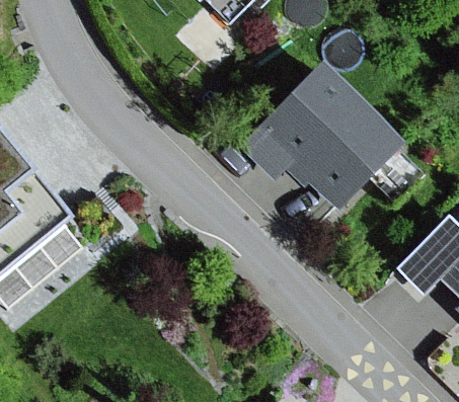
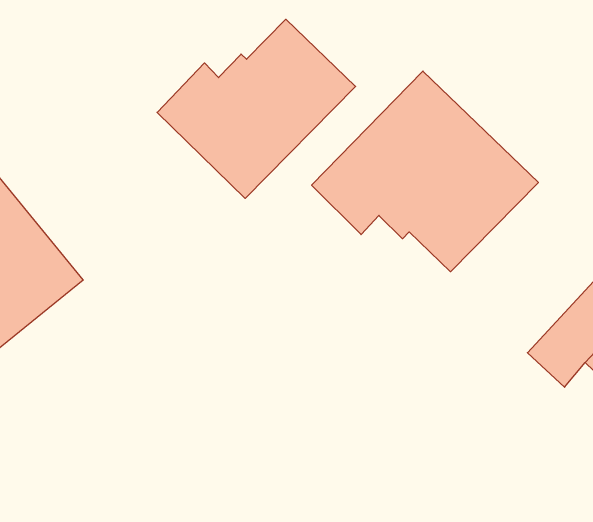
building: none -> [157,19,356,198]

